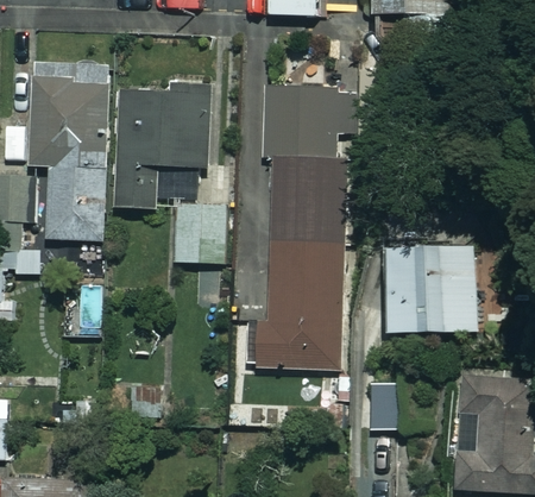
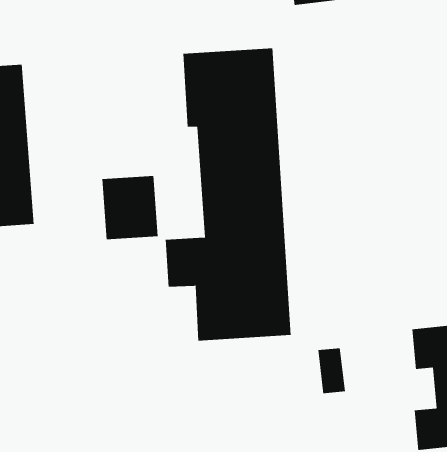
building: [114,90,207,206] -> none
building: [388,245,477,333] -> none

